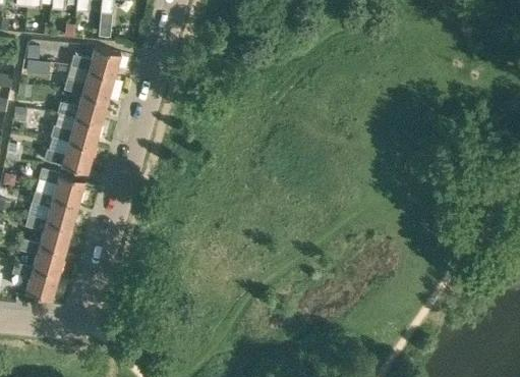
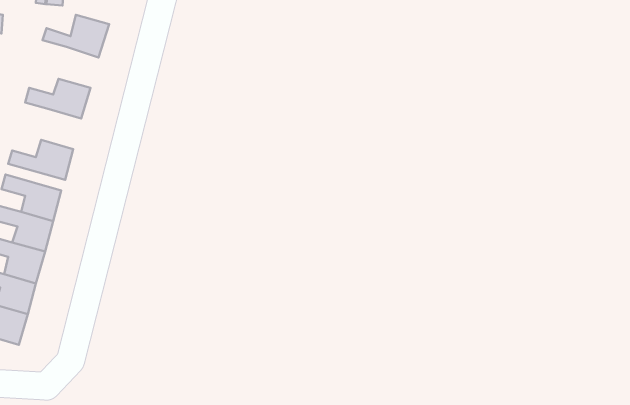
building: [63,72,112,104] -> none
building: [50,120,99,151] -> none

